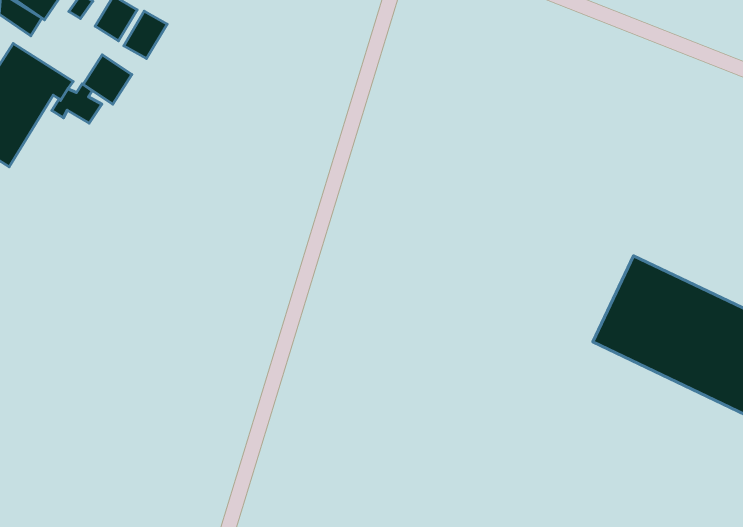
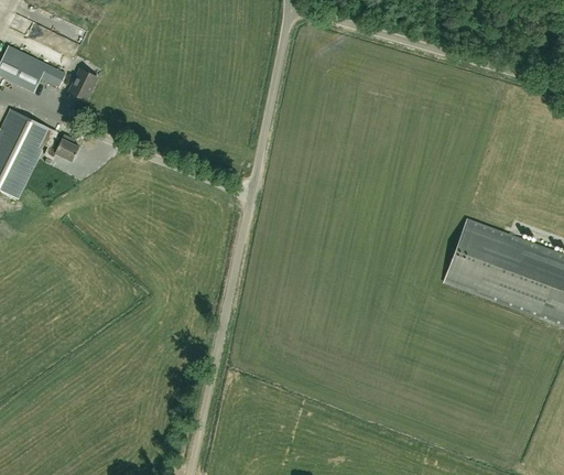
building: [124,11,167,59] -> none
building: [83,55,132,104] -> none

